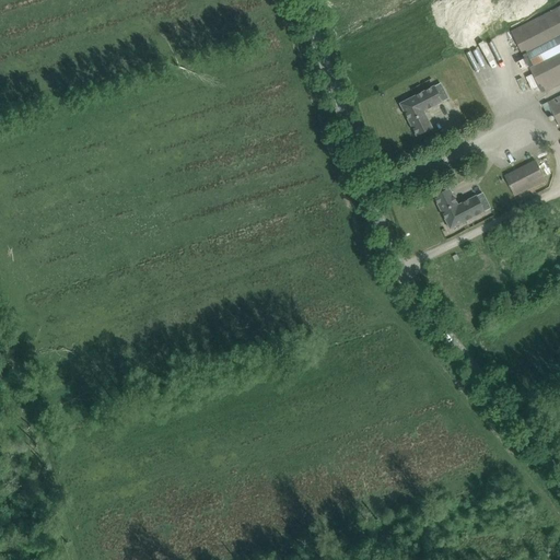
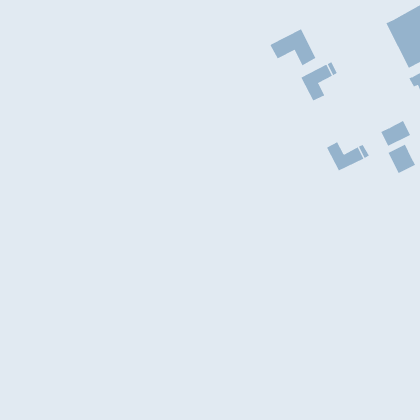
building: none -> [270,29,316,66]
building: none -> [388,144,416,174]

